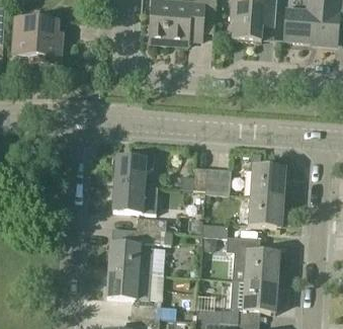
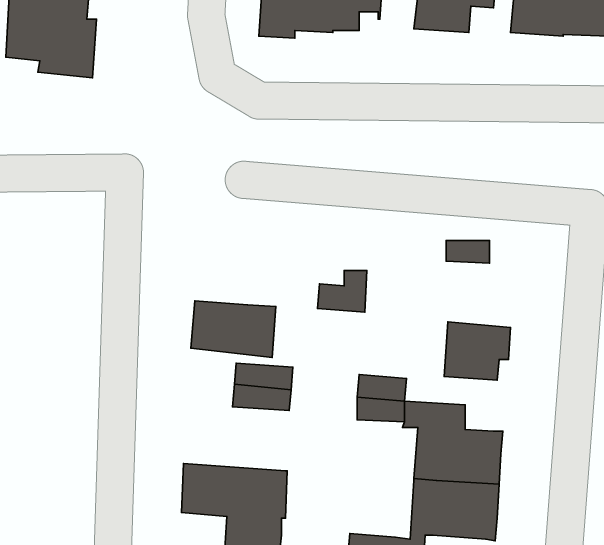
building: [114,149,154,185] -> none
building: [250,166,284,197] -> none
building: [204,167,231,193] -> none
building: [108,243,165,274] -> none

